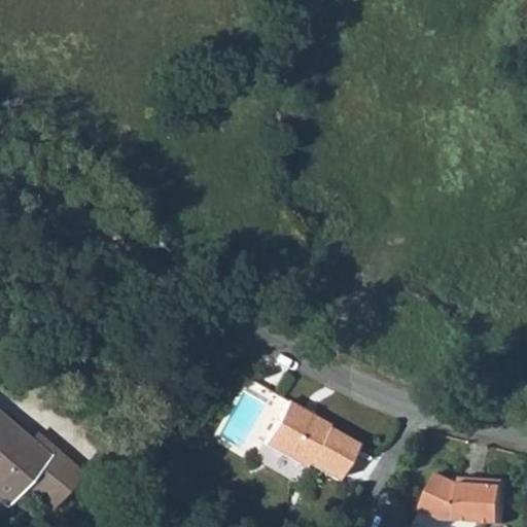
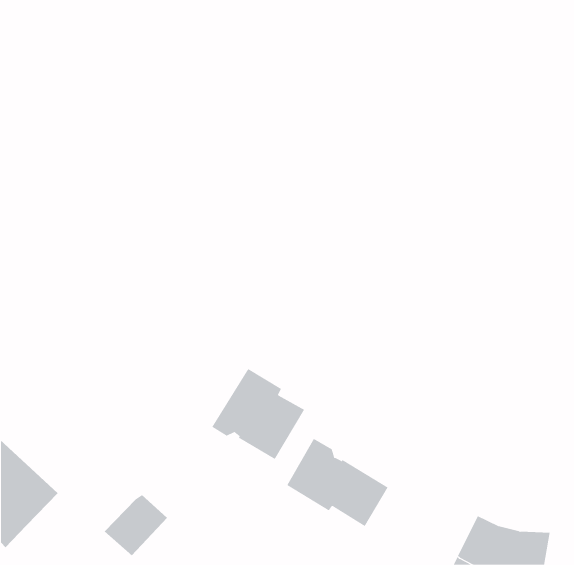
building: none -> [212,368,305,460]
building: [25,448,83,504] -> [104,494,168,556]

